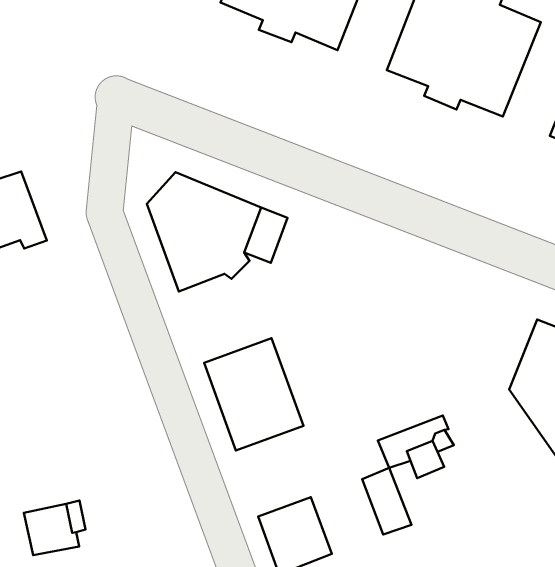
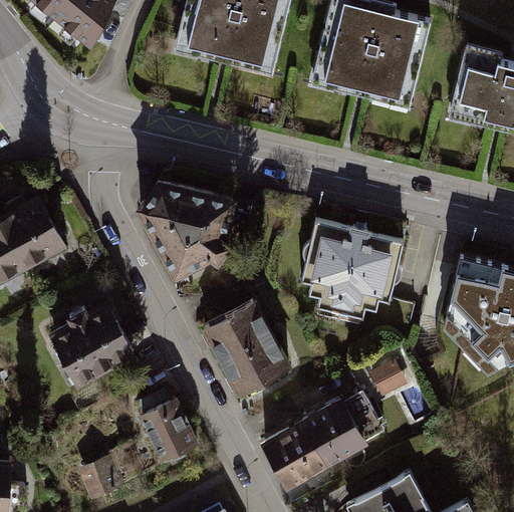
building: none -> [301,221,404,318]
building: none -> [53,303,133,383]
building: none -> [142,387,194,457]
building: none -> [303,401,364,463]

